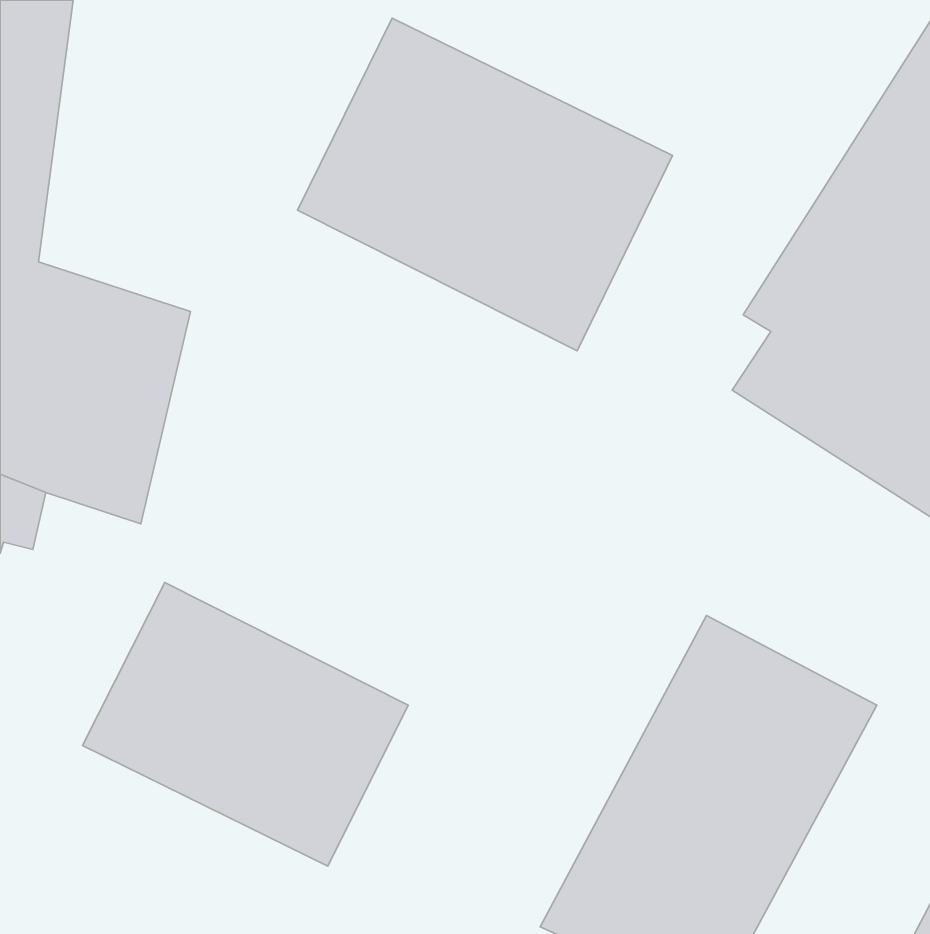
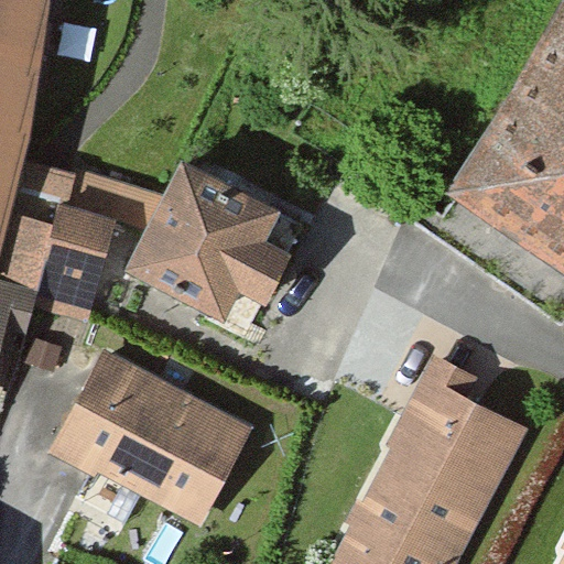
building: [297,18,673,351] -> none
building: none -> [130,159,289,312]

